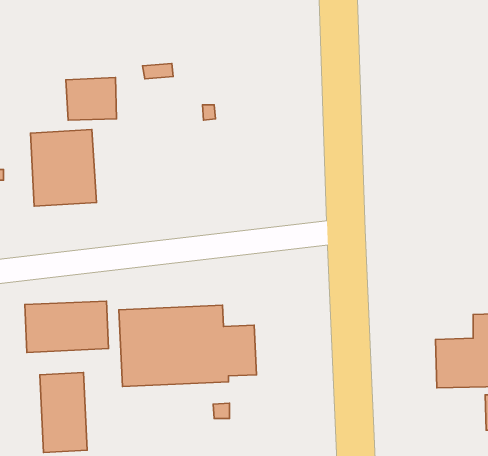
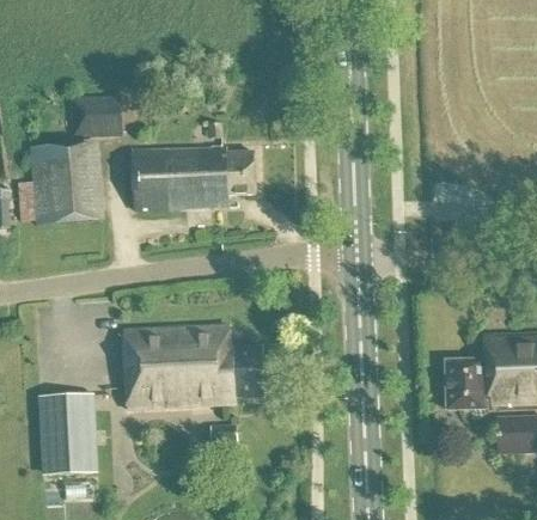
building: none -> [132,145,255,207]
building: [25,301,108,353] -> none

